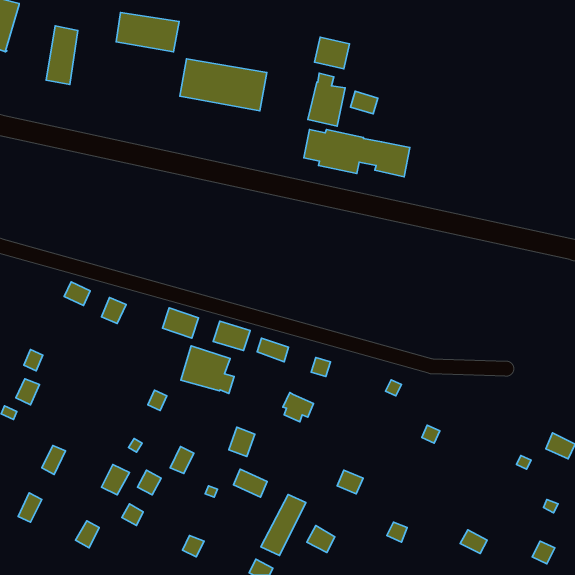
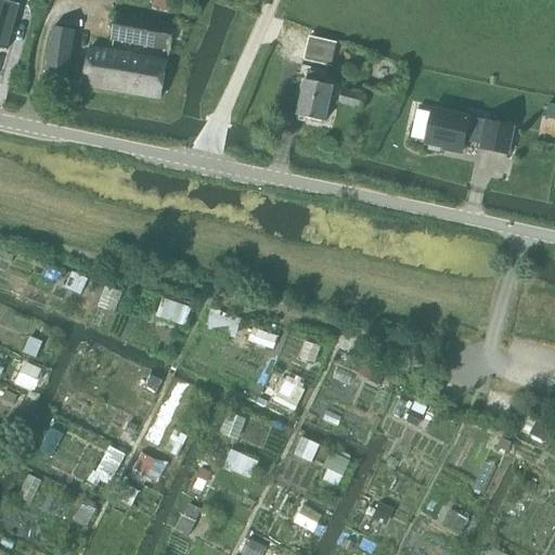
building: [180,59,267,111] -> [82,48,166,98]
building: [304,130,410,177] -> [411,108,513,154]
building: [181,346,234,394] -> none
building: [261,495,306,556] -> none

